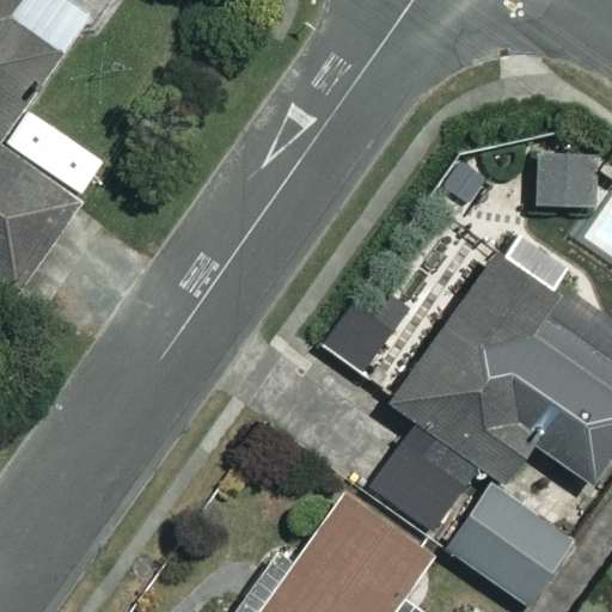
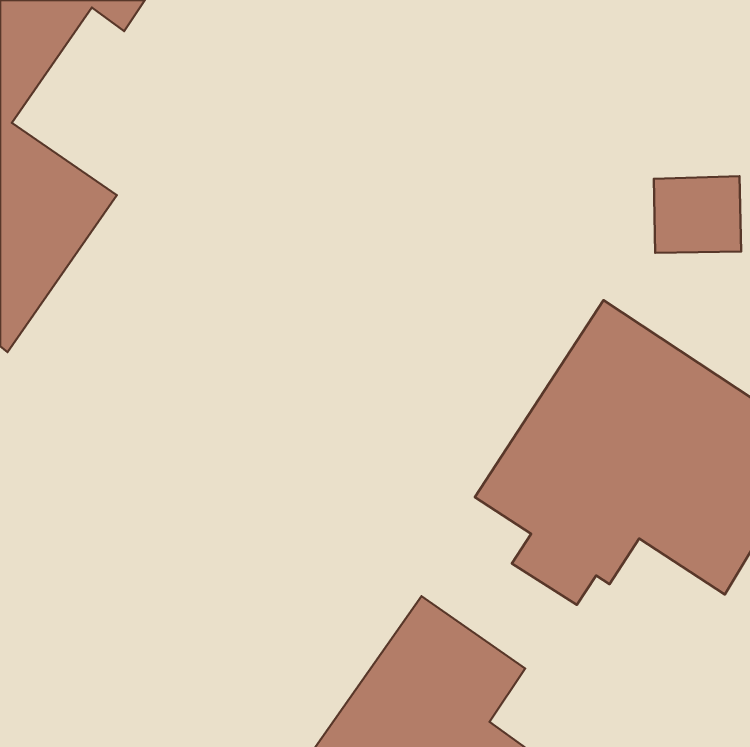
building: [445,483,571,606] -> none

